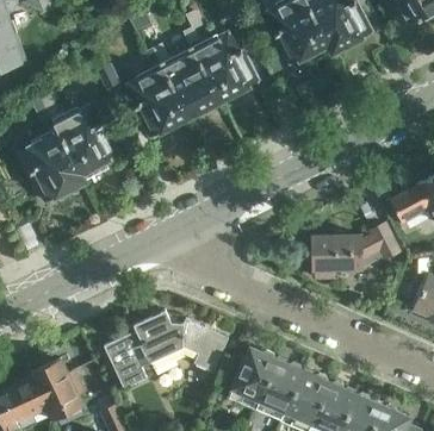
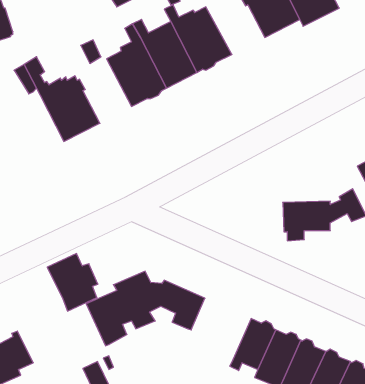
building: [21,124,85,201] -> none
building: [228,348,278,410] -> none
building: [31,358,85,419] -> [47,254,98,311]

